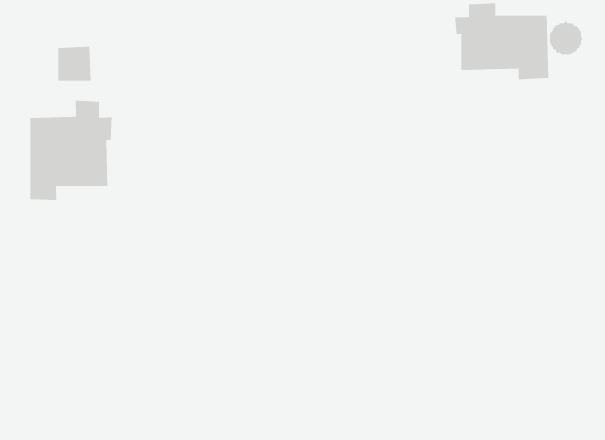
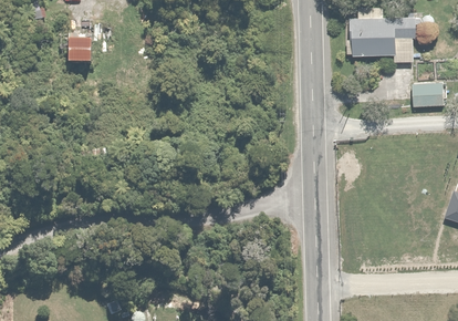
building: [29,100,112,201] -> none
building: none -> [412,81,443,105]

